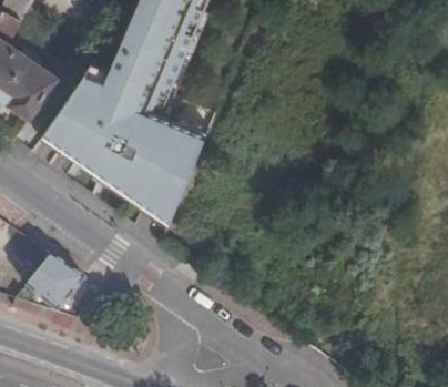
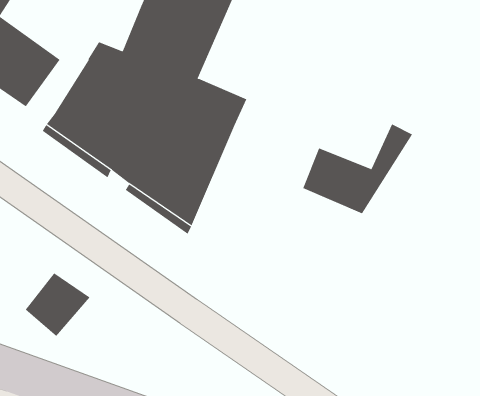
building: none -> [302,124,413,214]

